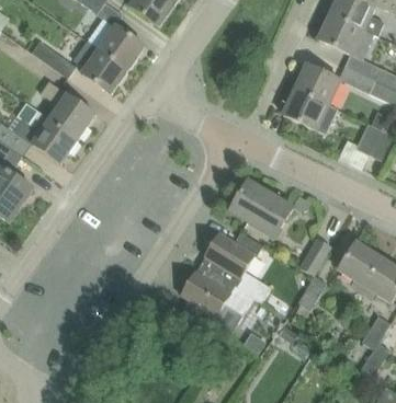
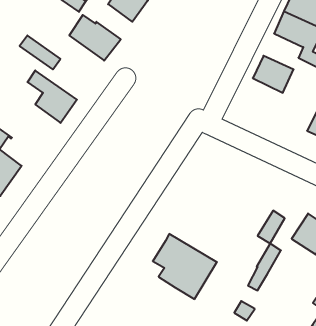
building: [72,41,126,93] -> none
building: [283,89,337,134] -> none
building: [13,112,77,163] -> none
building: [229,180,293,230] -> none
building: [200,231,271,300] -> none

